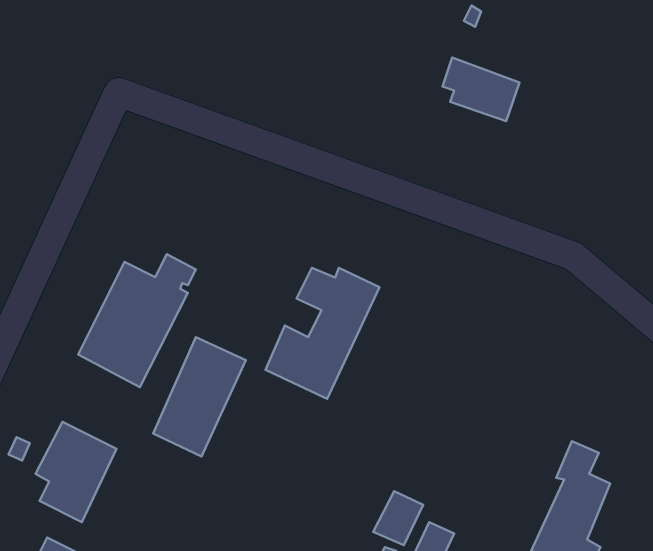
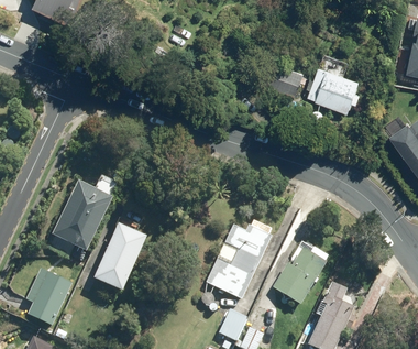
building: none -> [306,68,358,114]
building: [266,268,379,399] -> [206,223,271,298]
building: none -> [272,244,326,303]

